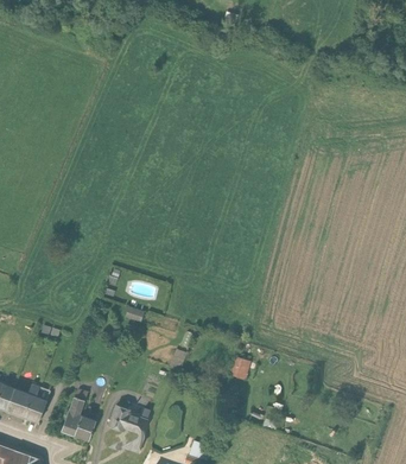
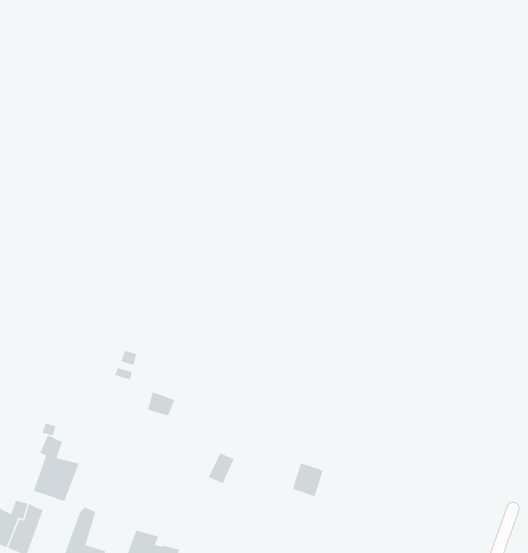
building: none -> [33,434,79,502]

